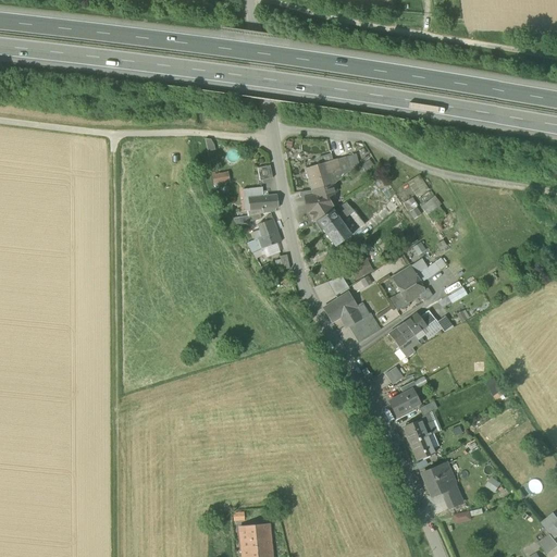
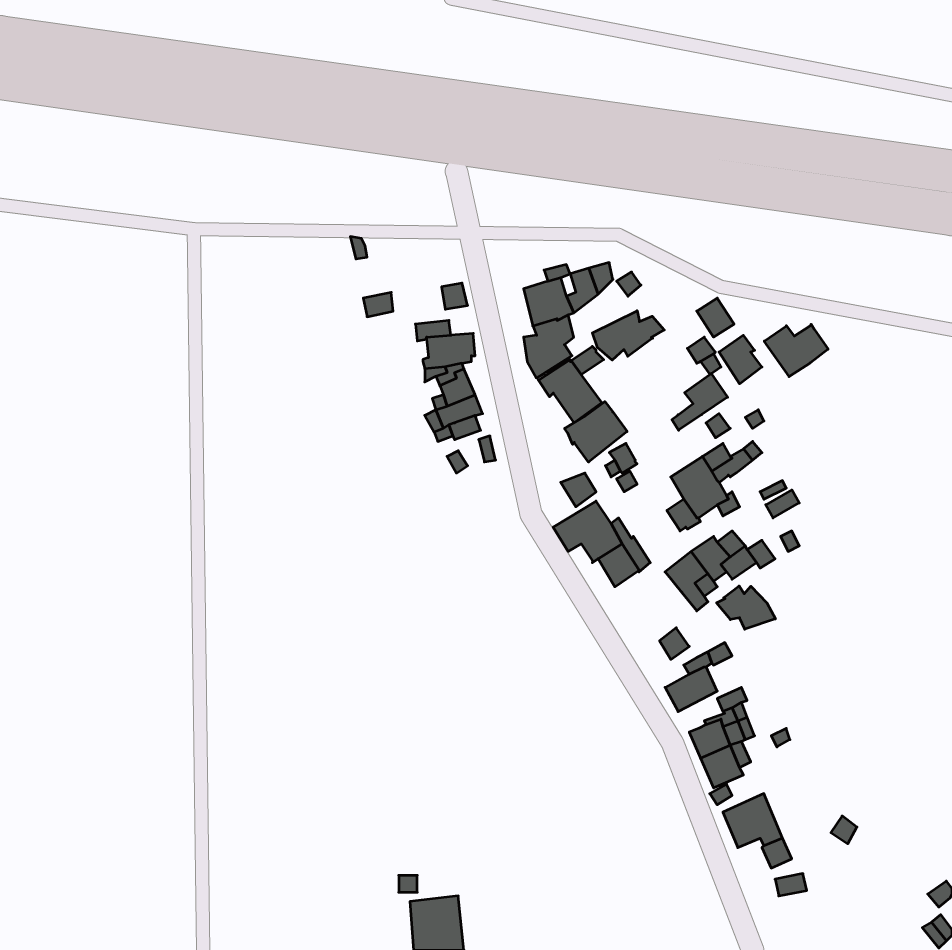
building: none -> [592,311,664,360]
building: none -> [764,324,828,377]
building: none -> [672,373,728,430]
building: none -> [565,402,627,462]
building: none -> [717,586,775,629]

